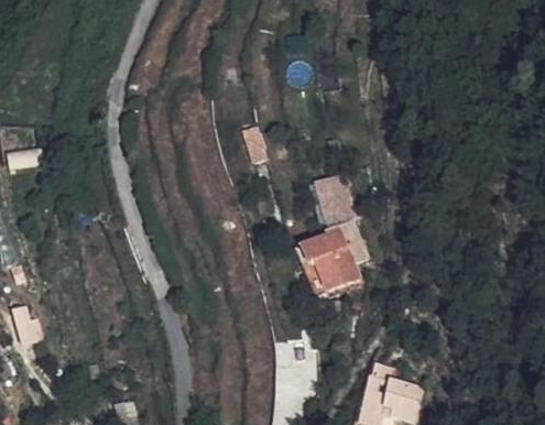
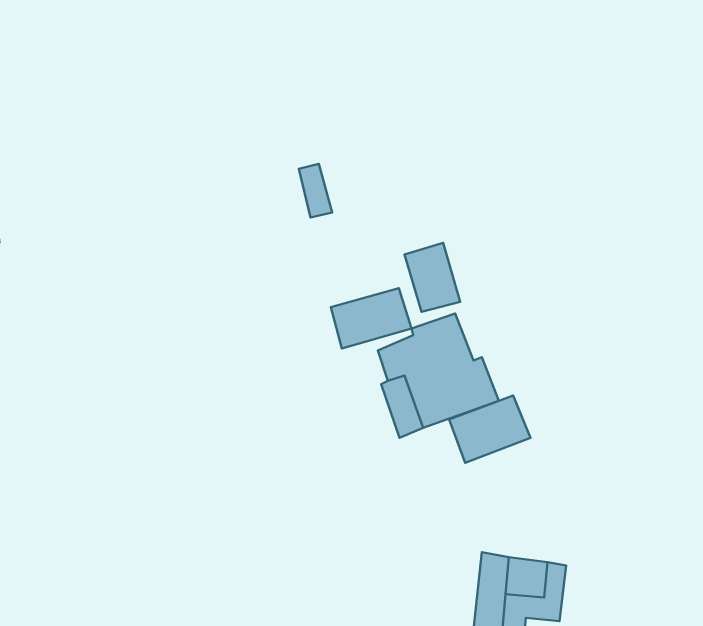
building: none -> [331,288,411,348]
building: none -> [449,395,531,463]

